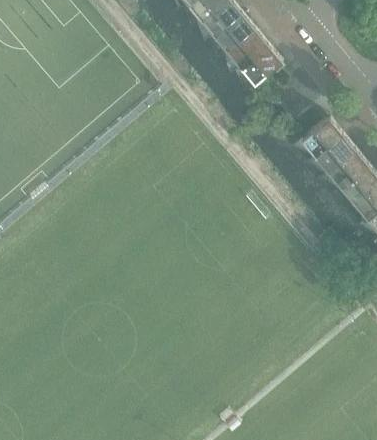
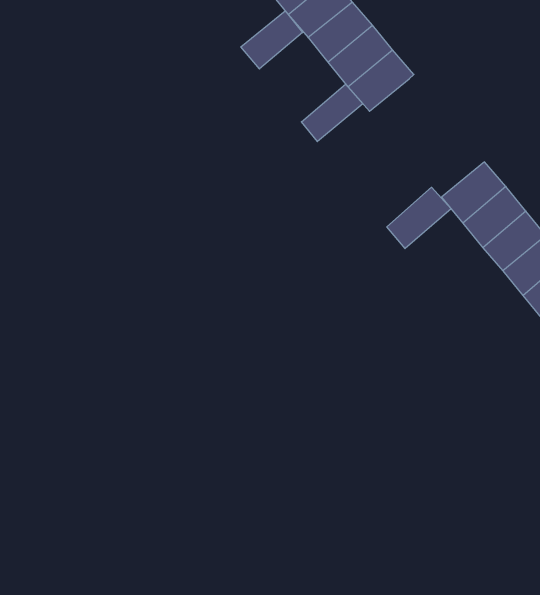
building: none -> [241,11,303,69]
building: none -> [301,84,363,142]
building: none -> [387,187,451,249]

